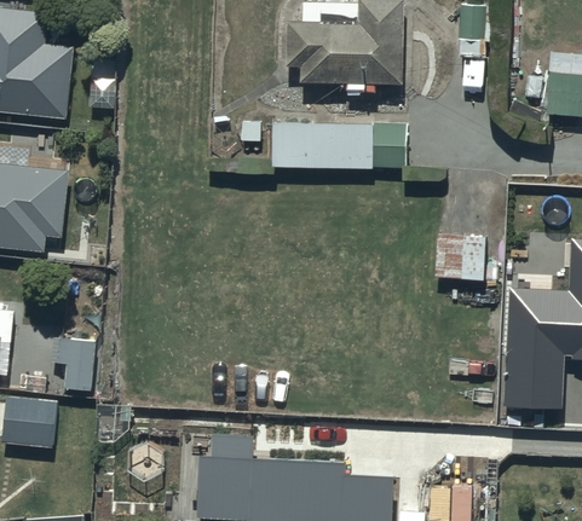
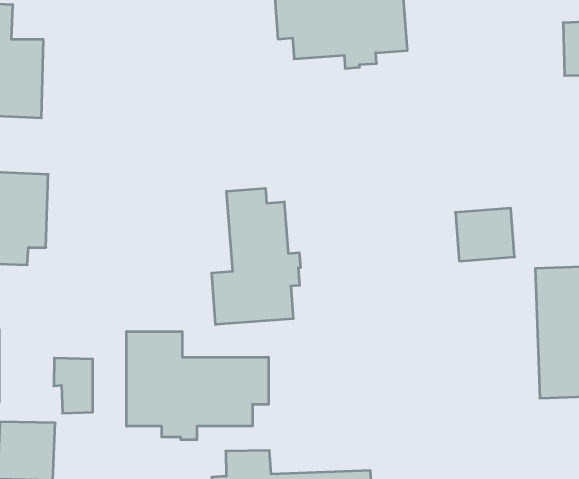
building: [272,120,408,166] -> none
building: none -> [212,188,300,325]
building: none -> [127,331,268,440]

